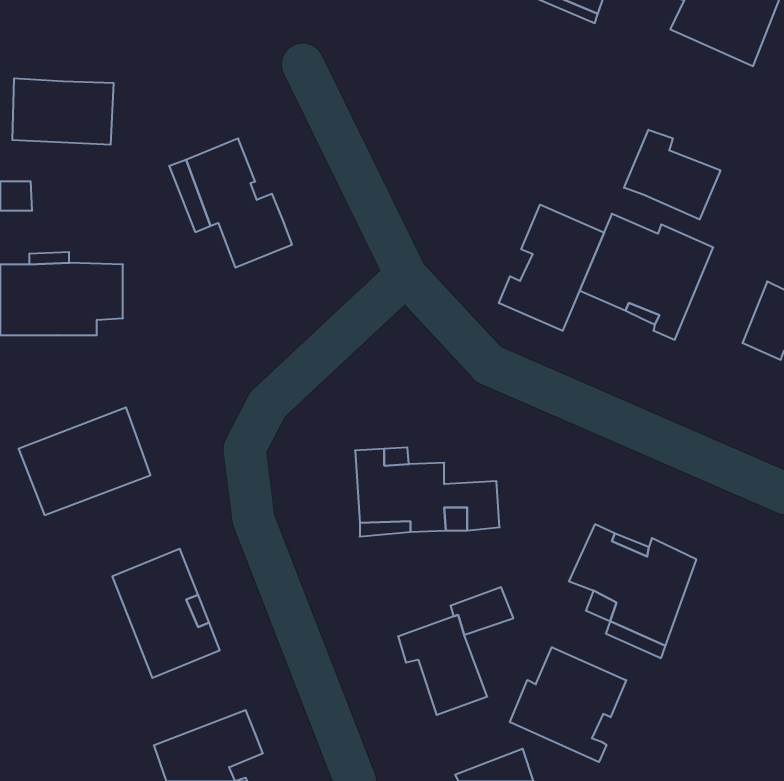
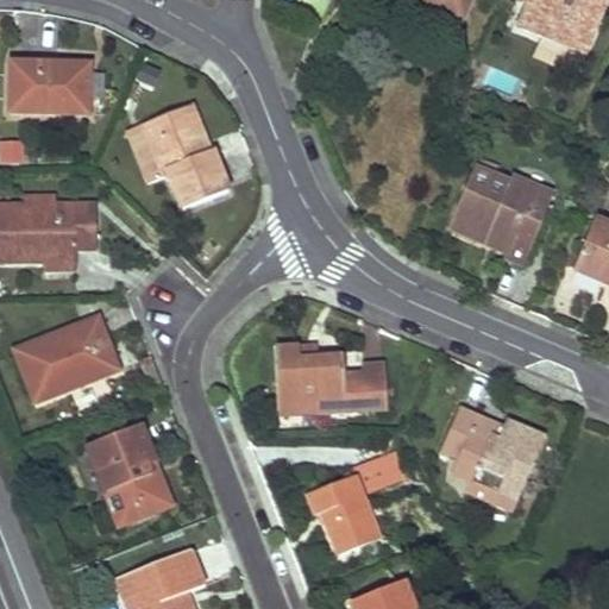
building: [624,130,720,219] -> none
building: [499,205,604,331] -> none
building: [510,647,626,762] -> none

